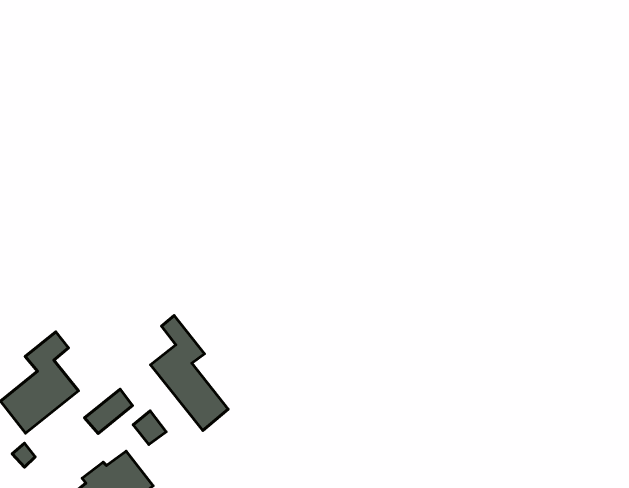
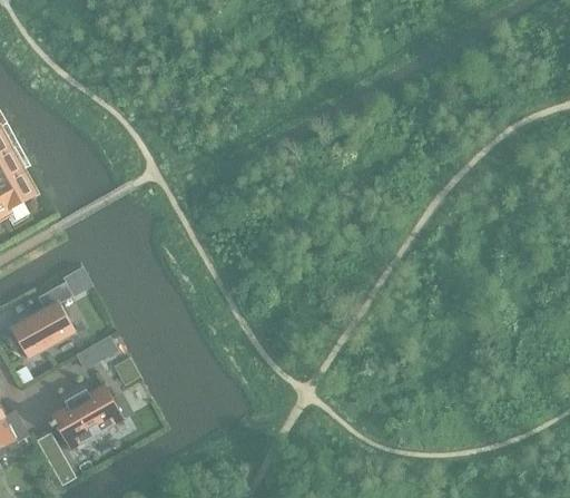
building: [151,316,228,430] -> none

